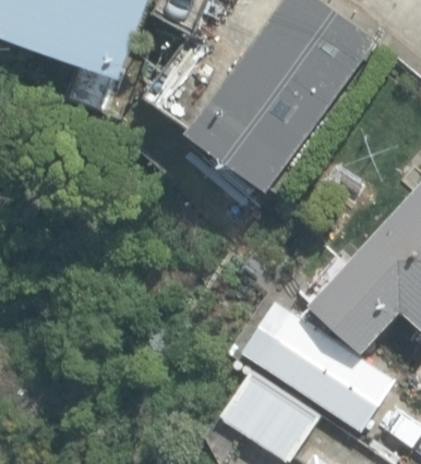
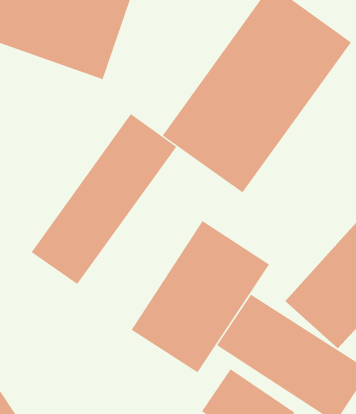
building: none -> [31,113,177,285]
building: none -> [131,220,270,373]

